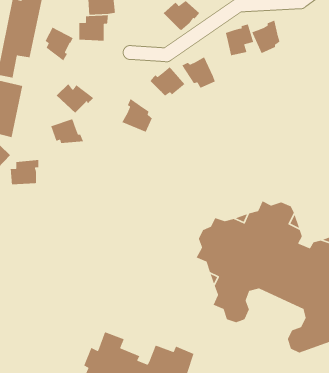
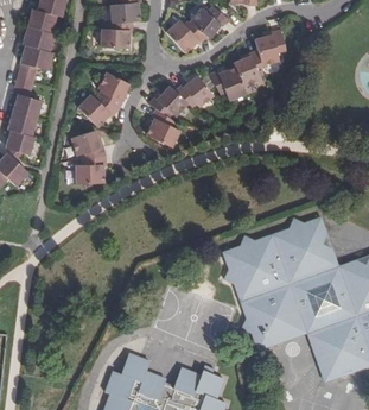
building: none -> [167,20,208,53]
building: [251,19,280,54] -> [233,50,263,87]
building: [44,27,74,61] -> [97,72,128,109]
building: none -> [149,86,187,119]
building: [10,159,39,185] -> [76,156,107,183]
building: none -> [276,311,339,364]

